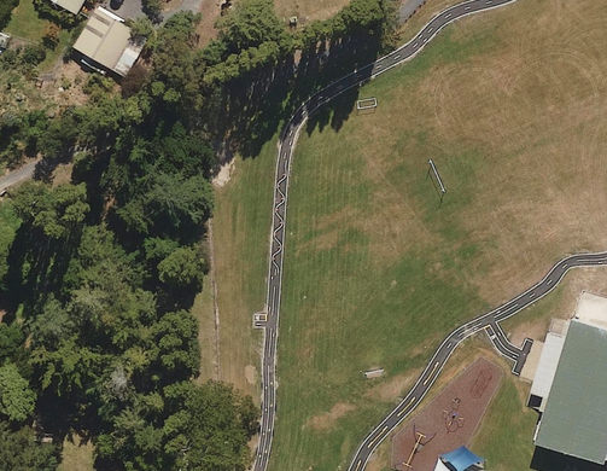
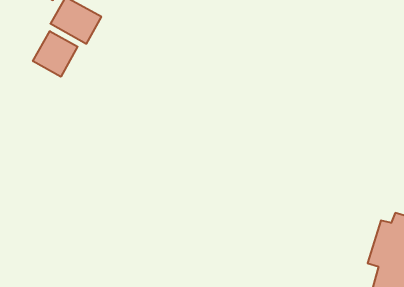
building: none -> [33,31,78,77]

